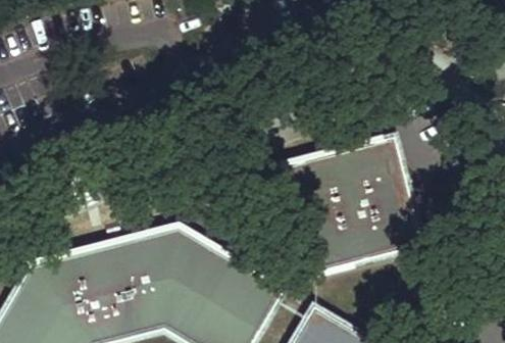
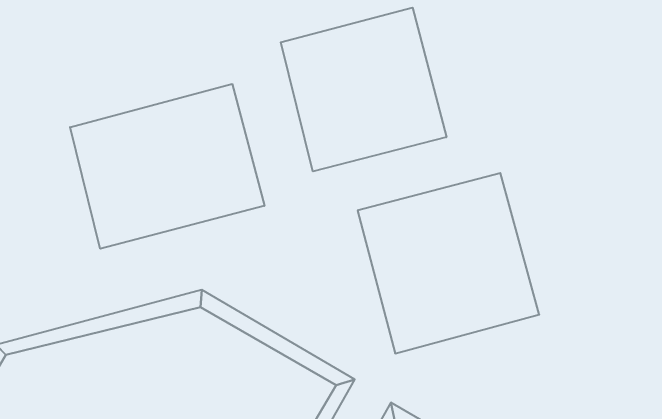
building: none -> [281,8,446,171]
building: none -> [70,84,264,249]

